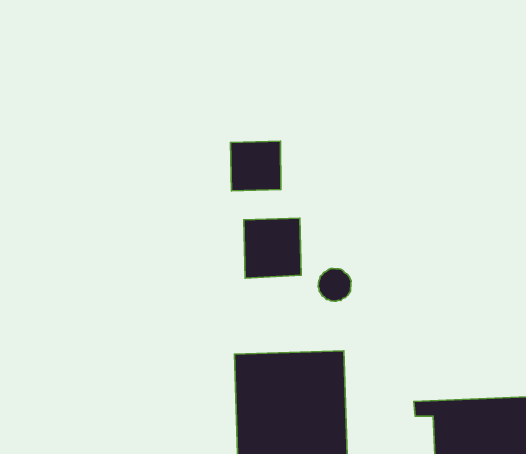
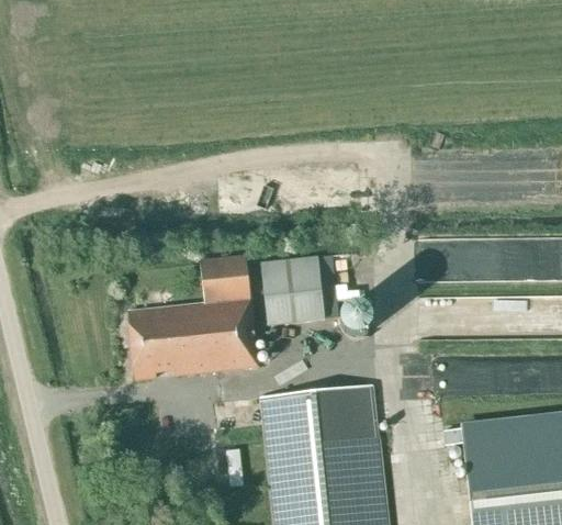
building: [230,141,281,191] -> none
building: none -> [128,256,258,379]

